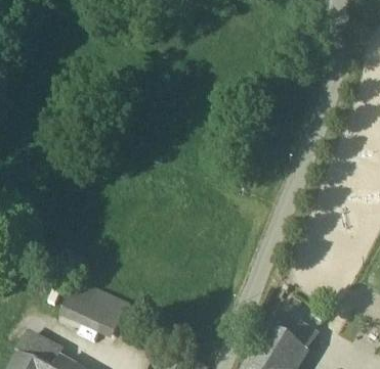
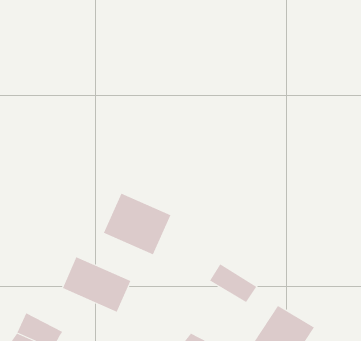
building: none -> [103,193,171,255]
building: [271,316,318,354] -> [209,264,257,303]

